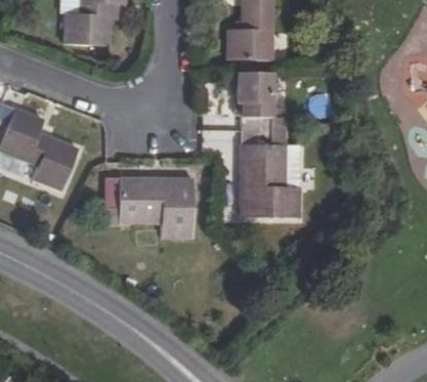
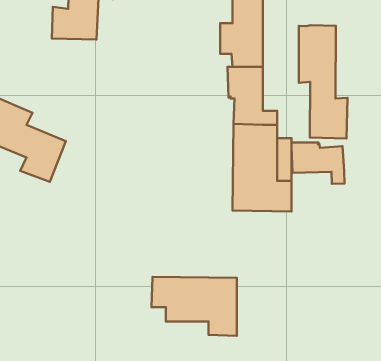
building: none -> [299,25,348,139]
building: none -> [291,143,345,184]
building: [103,178,189,238] -> [152,277,237,336]

